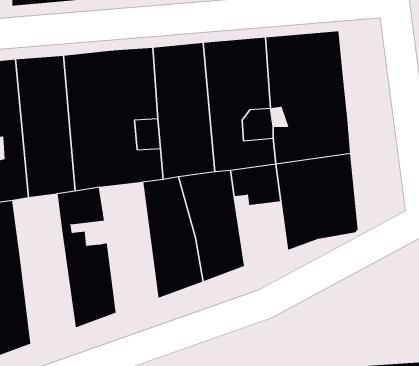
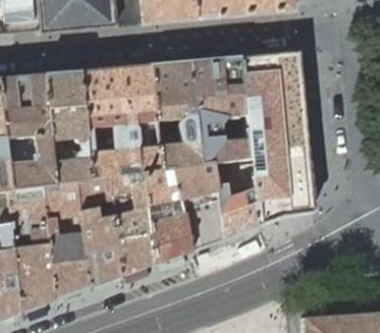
building: none -> [109,170,155,273]
building: none -> [41,179,90,297]
building: none -> [215,180,257,236]

